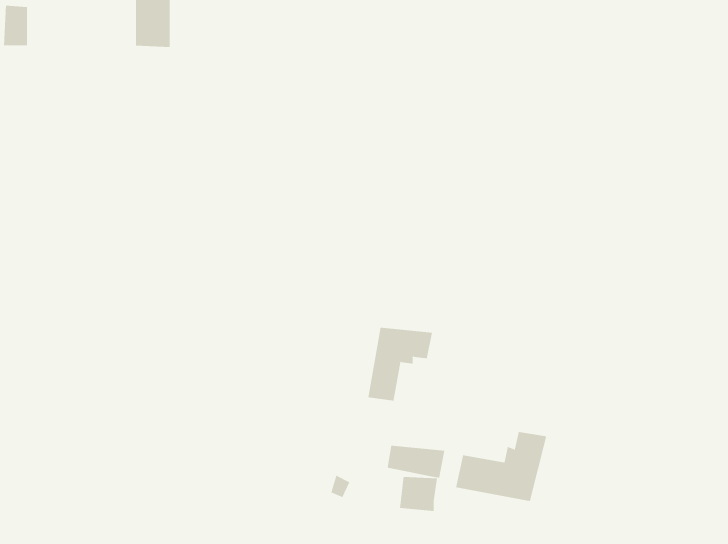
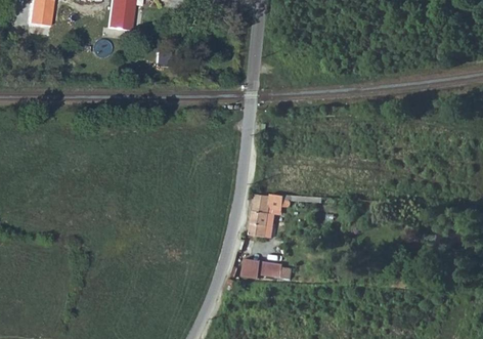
building: [456,431,547,502] -> none
building: [399,476,438,512] -> [240,260,263,281]

